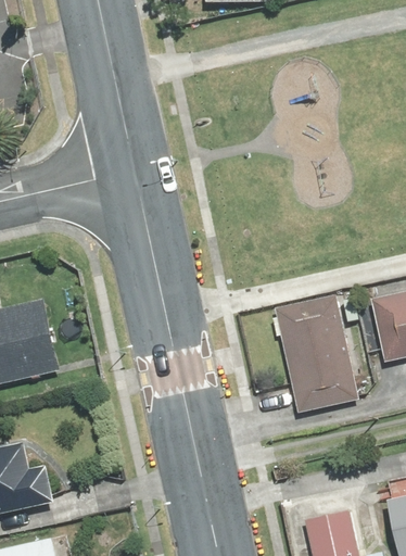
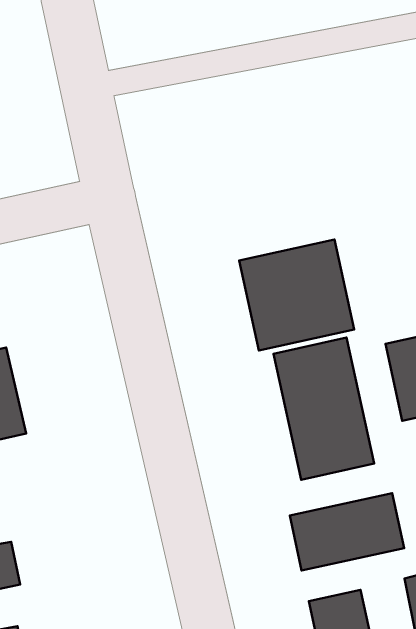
building: none -> [239,239,354,350]
building: none -> [290,493,404,571]

